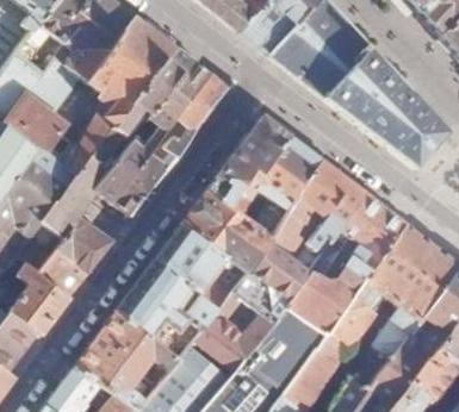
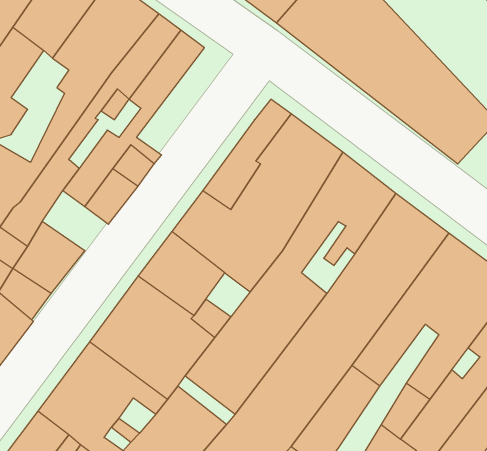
building: [157,74,230,161] -> none

